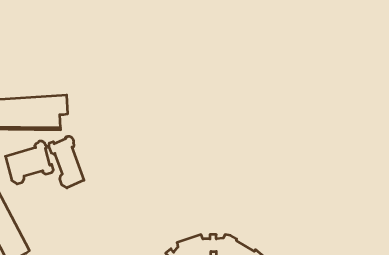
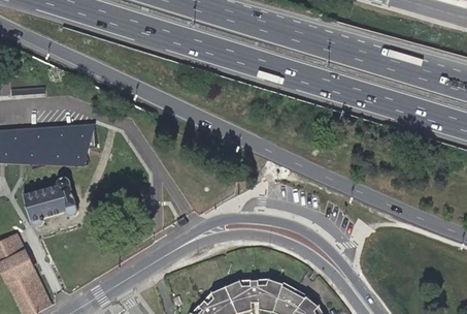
building: [49,136,84,188] -> none

